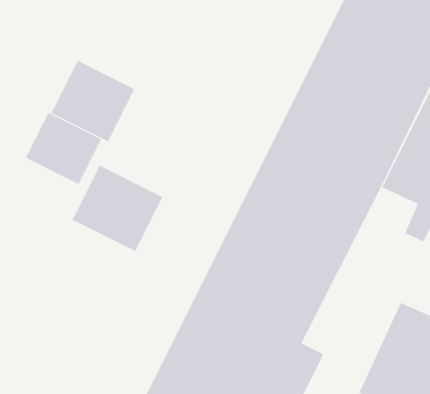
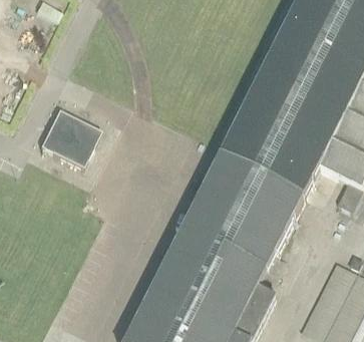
building: [51,60,135,142] -> none
building: [72,165,163,252] -> none

